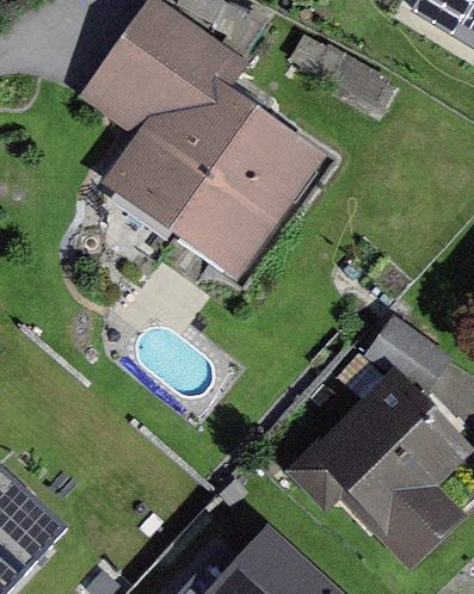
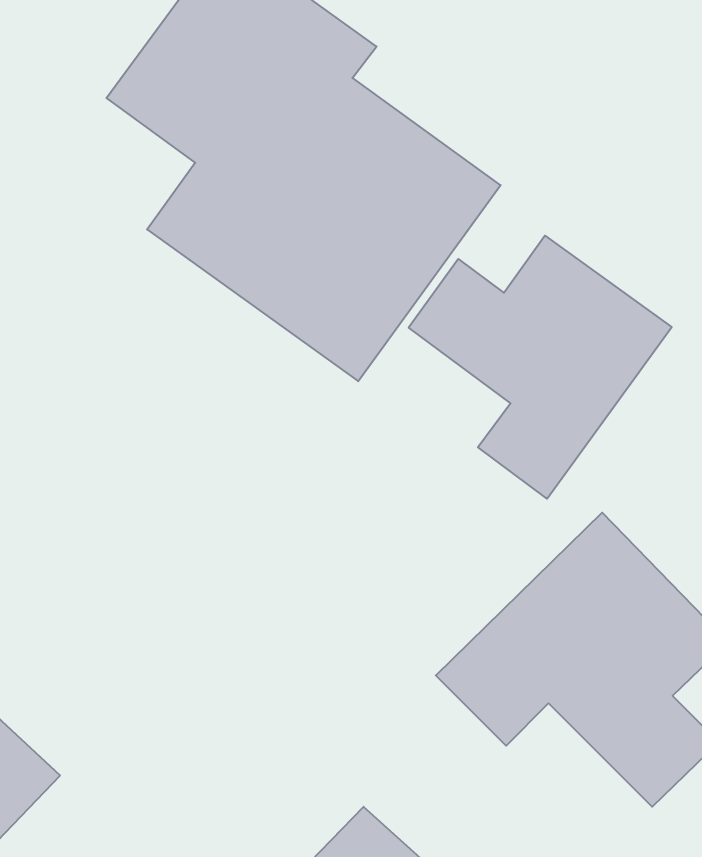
building: none -> [409,236,672,499]

